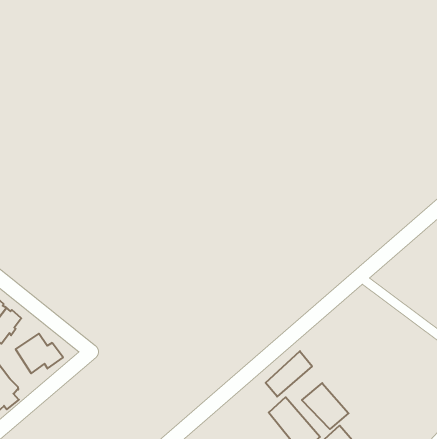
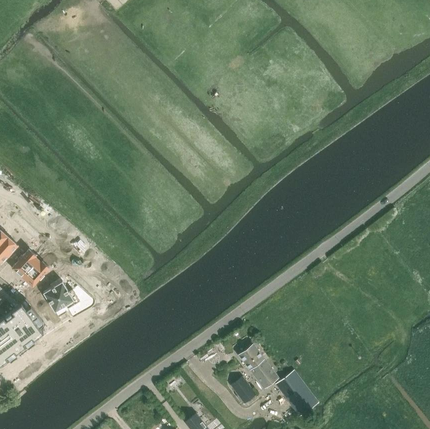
building: [266,351,312,397] -> none
building: [302,383,349,429] -> none

